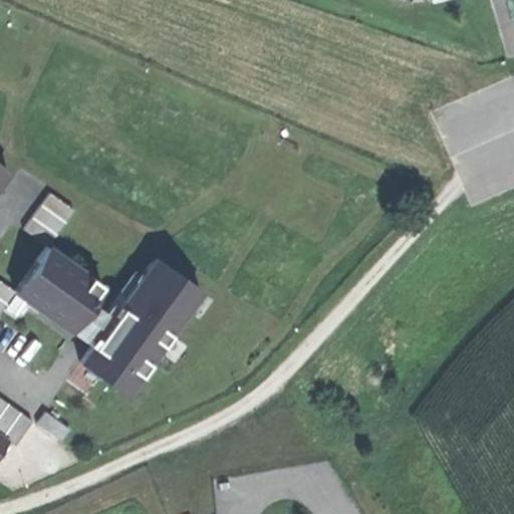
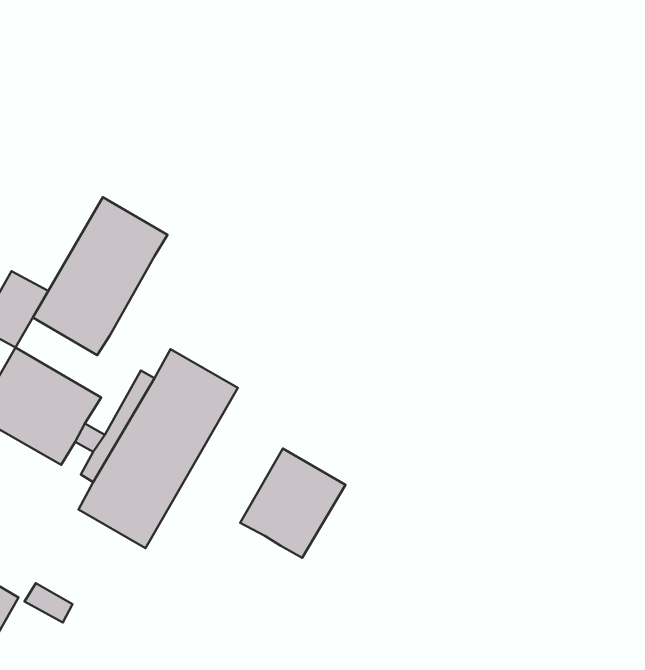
building: none -> [33,197,167,355]
building: none -> [240,449,345,558]

